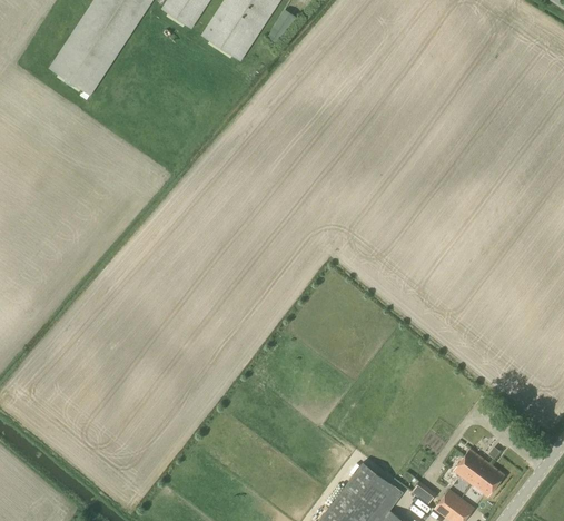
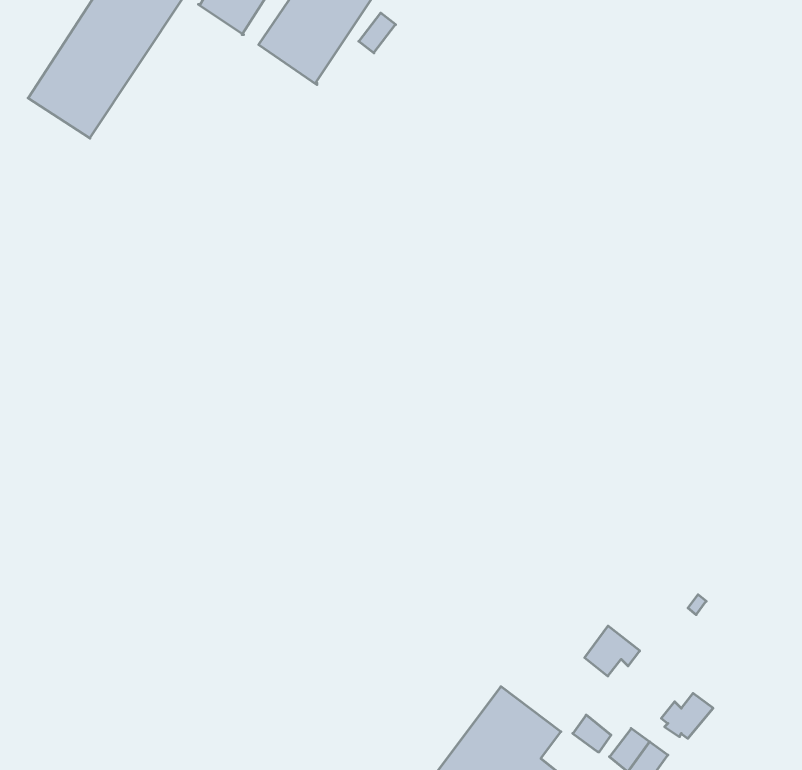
building: [454,450,491,483] -> [585,626,640,676]

